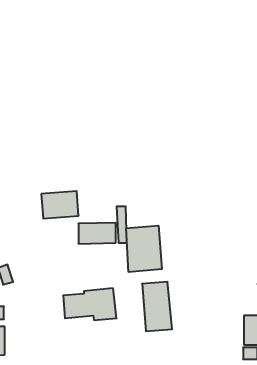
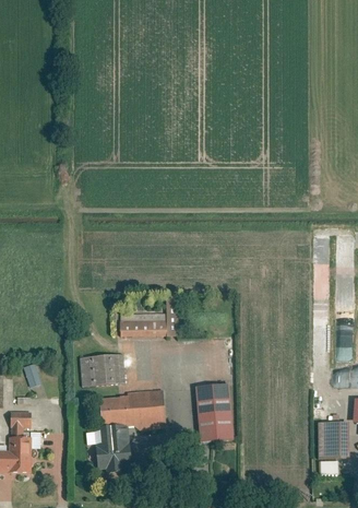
building: [41,191,79,218] -> [79,354,123,387]
building: [126,226,162,272] -> none
building: none -> [94,425,132,471]

